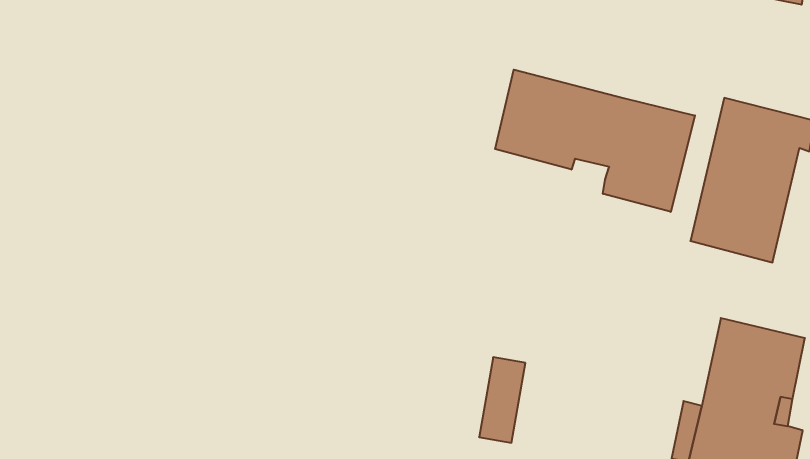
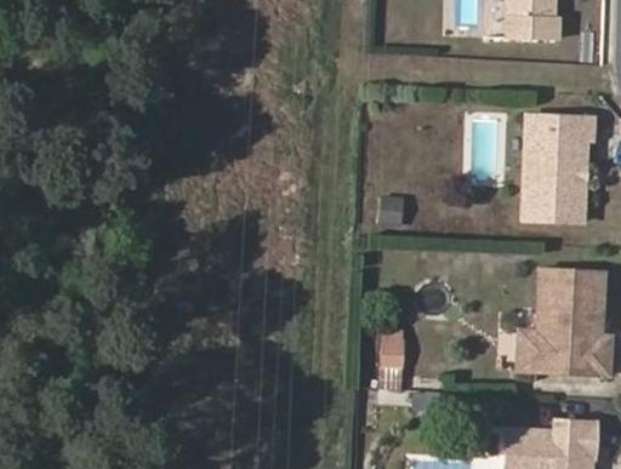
building: [495,70,695,212] -> none

